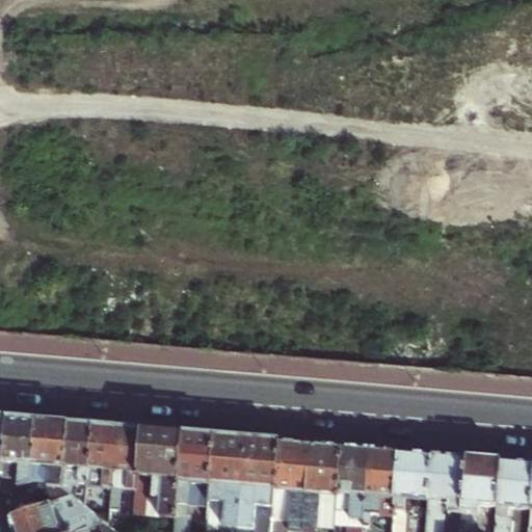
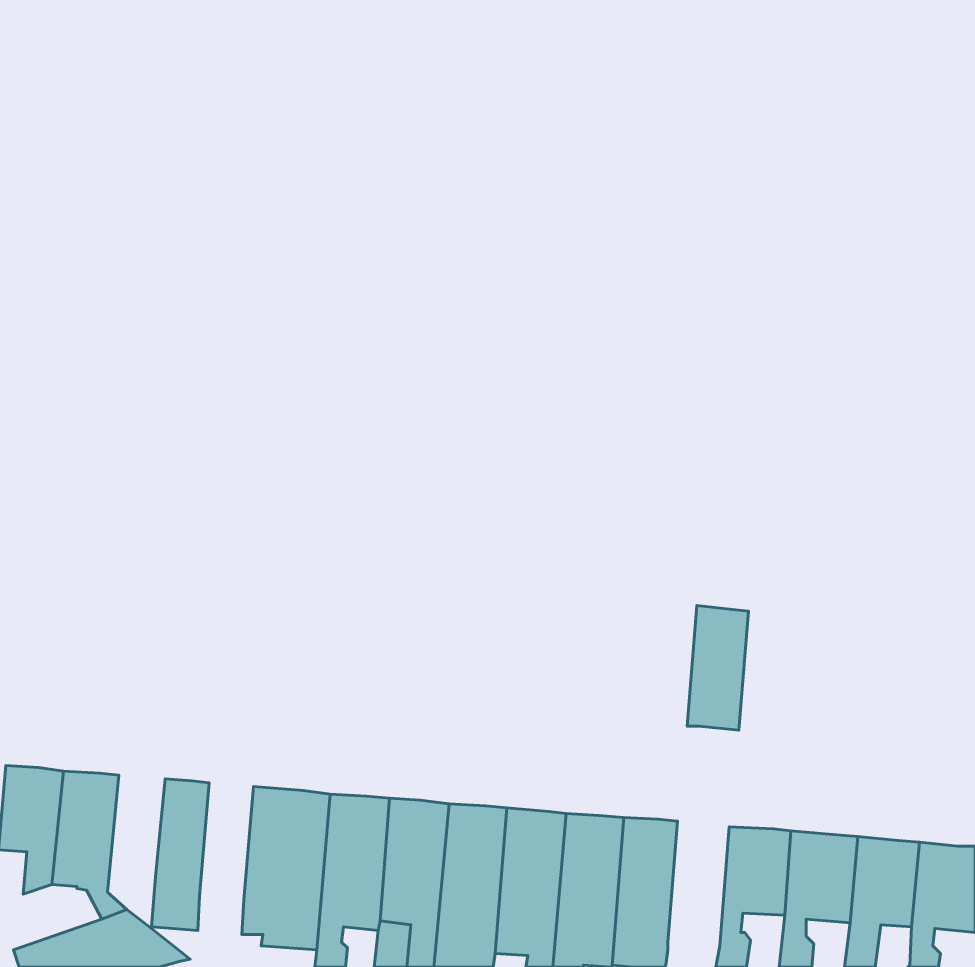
building: [58,420,89,503] -> none
building: [107,424,137,505] -> none
building: [362,445,395,512] -> [687,605,749,730]

